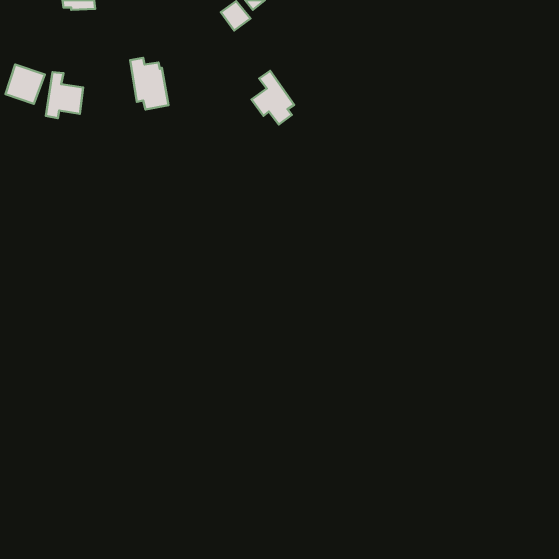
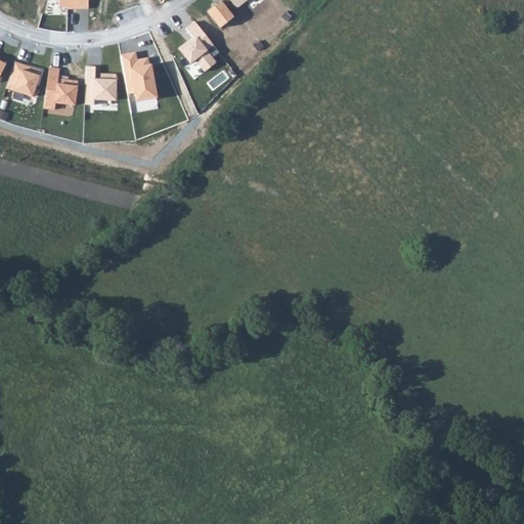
building: [251,71,294,125] -> [179,21,219,72]
building: none -> [85,67,116,105]

